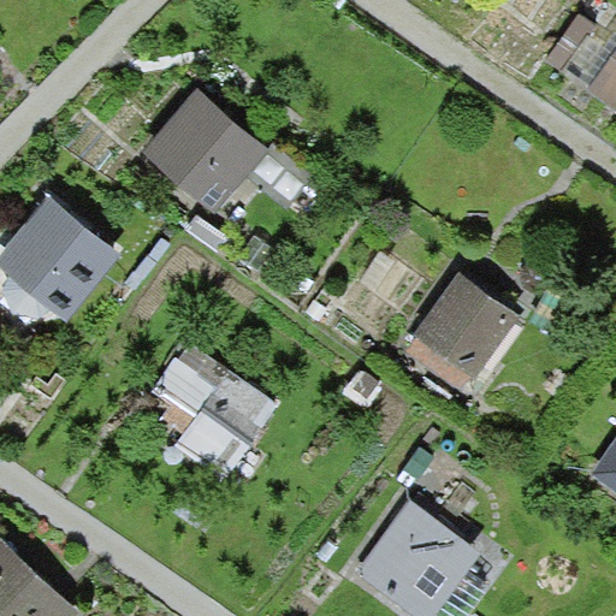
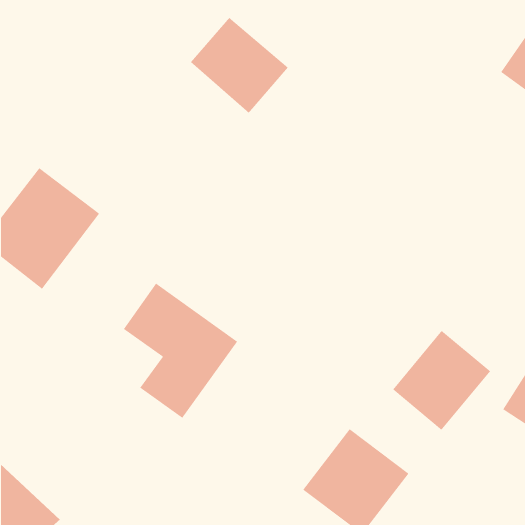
building: [149,93,265,206] -> [190,17,289,114]
building: [399,270,515,387] -> [392,330,491,431]

